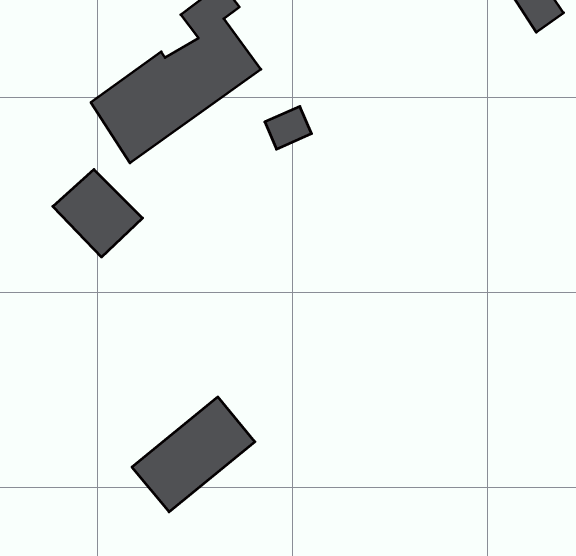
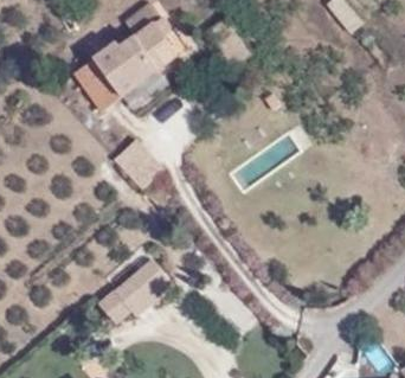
building: [53,169,143,257] -> [109,132,163,185]

